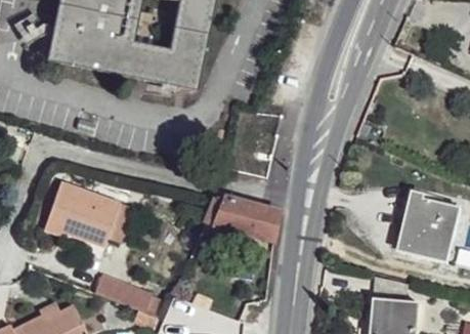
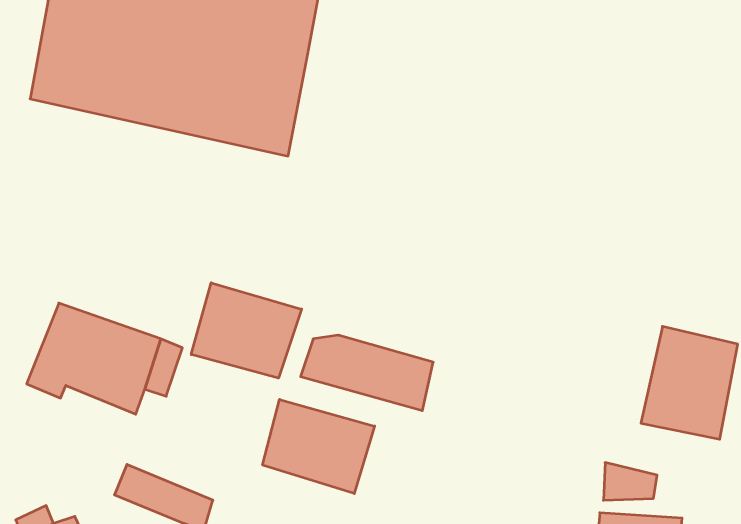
building: none -> [191,283,302,378]
building: none -> [263,399,375,494]

